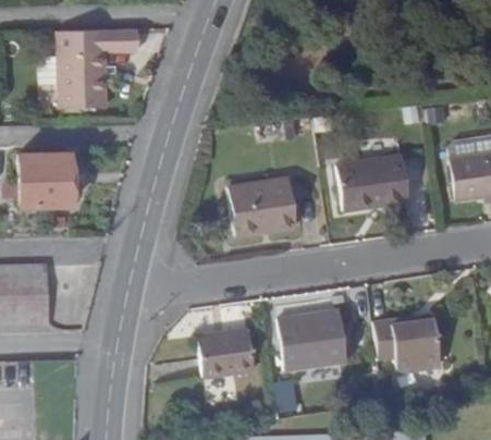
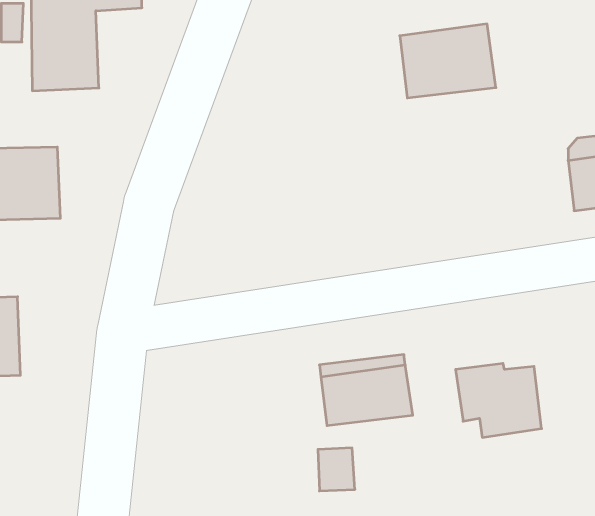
building: [339,156,409,210] -> [400,24,496,98]
building: [232,175,298,234] -> none
building: [194,328,248,374] -> none

